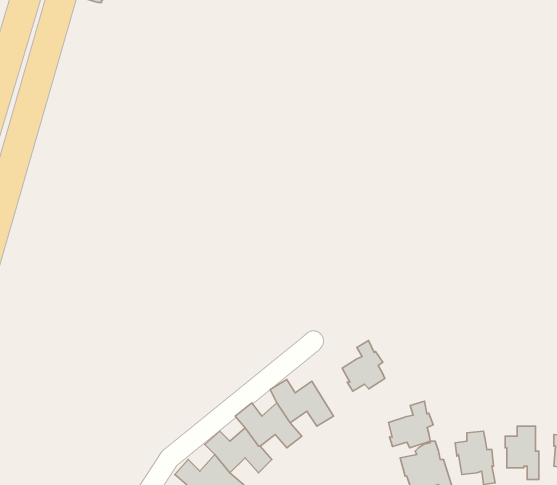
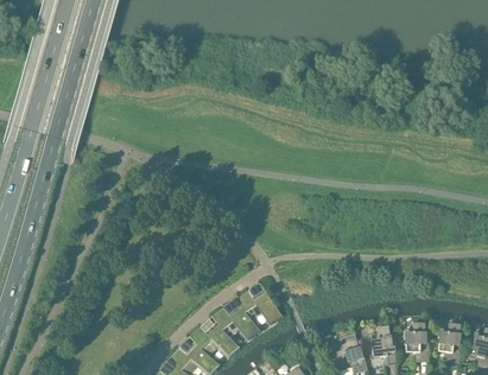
building: [342,341,385,391] -> none
building: [388,401,433,448] -> none

